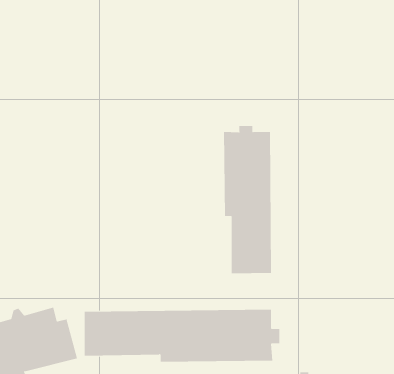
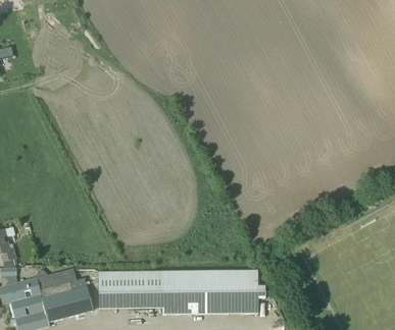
building: [224,125,271,274] -> none

